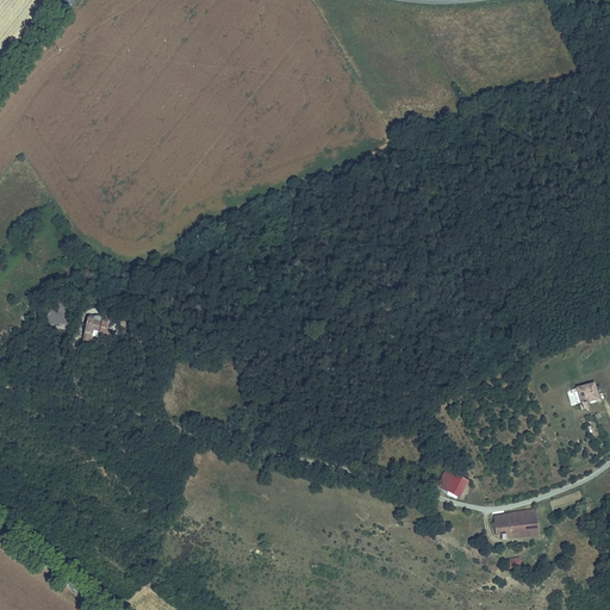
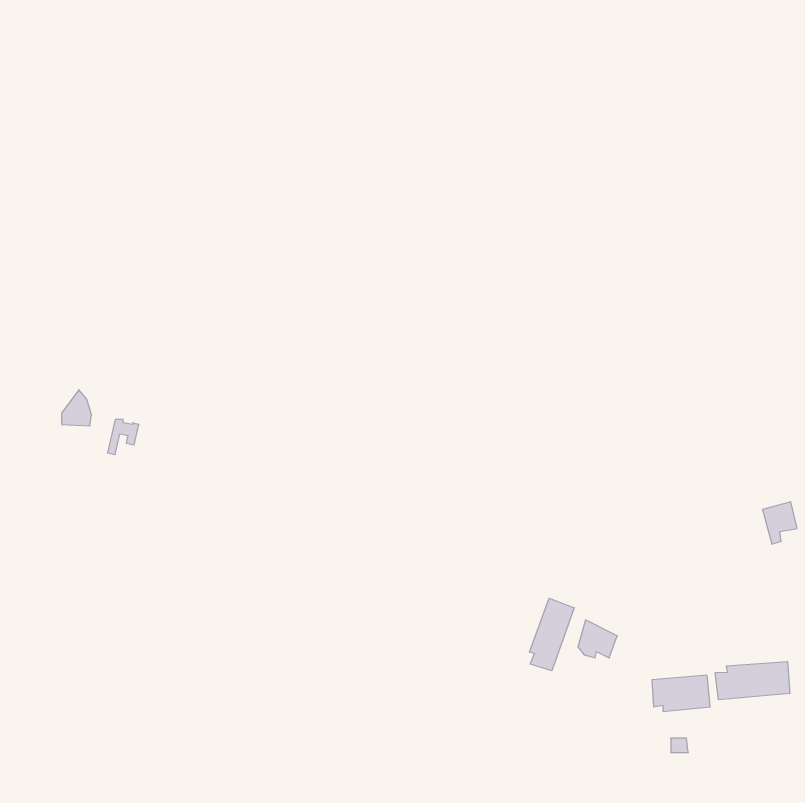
building: none -> [529,598,574,671]
building: none -> [715,661,790,700]

